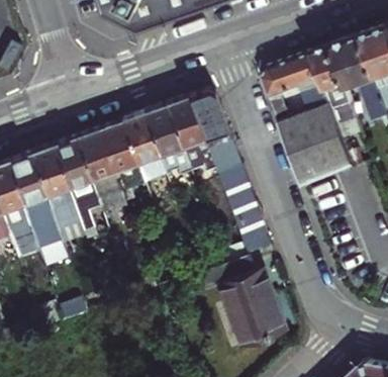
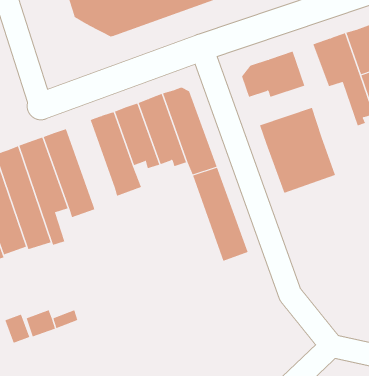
building: [310,46,349,134] -> none
building: [95,118,140,200] -> none
building: [198,256,286,351] -> none

